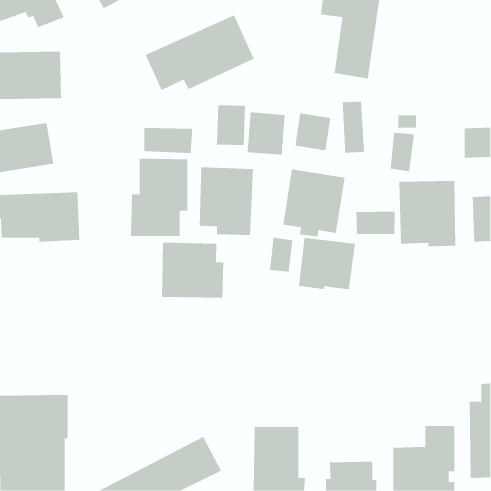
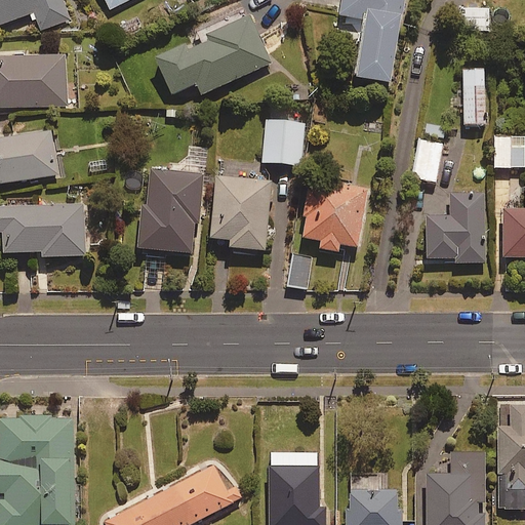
building: [342,101,365,153] -> [461,69,486,124]
building: [216,105,246,146] -> none
building: [295,113,331,151] -> none
building: [144,127,193,154] -> none
building: [356,211,395,235] -> none
building: [299,237,355,290] -> none
building: [161,242,224,298] -> none

